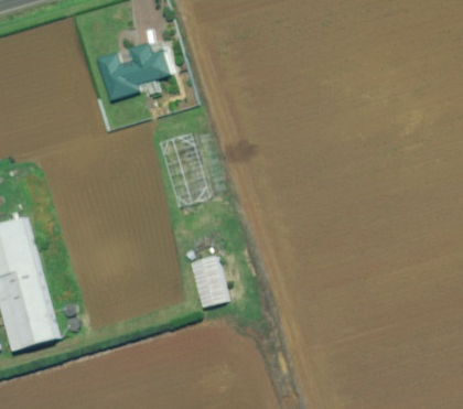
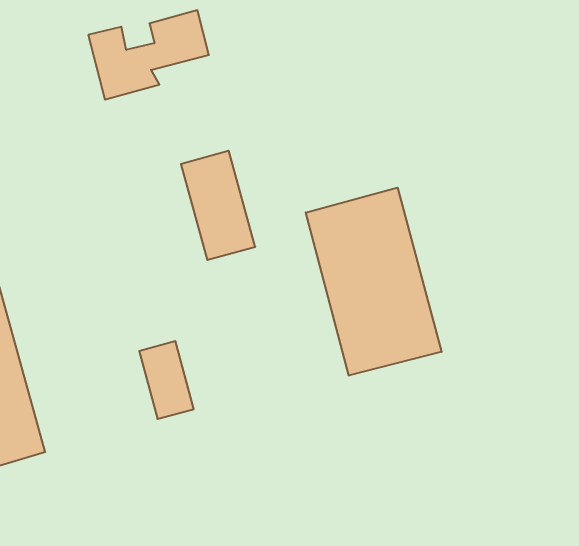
building: none -> [306,188,442,376]
building: [186,256,223,308] -> [139,341,194,419]

